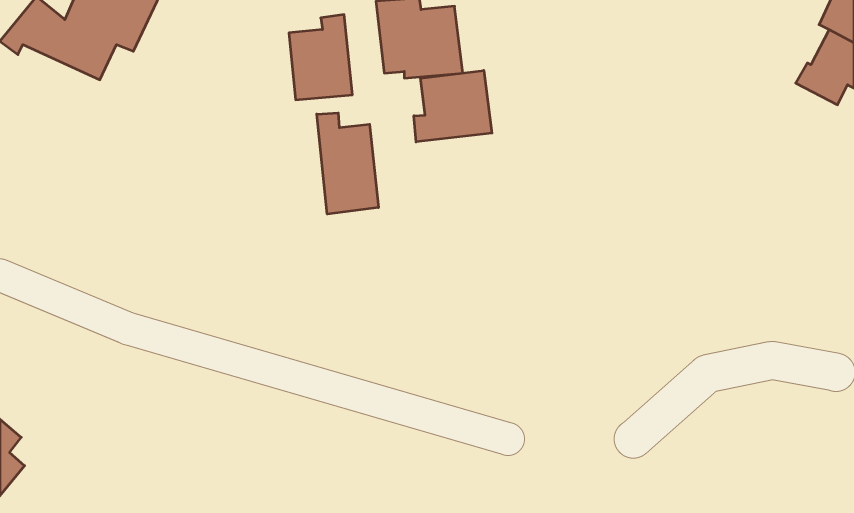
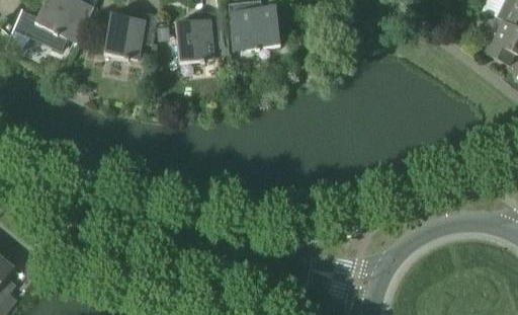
building: none -> [103,10,158,60]
building: [414,70,492,142] -> none
building: [317,113,378,214] -> none

